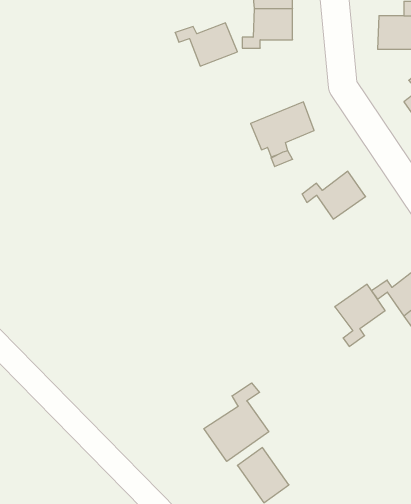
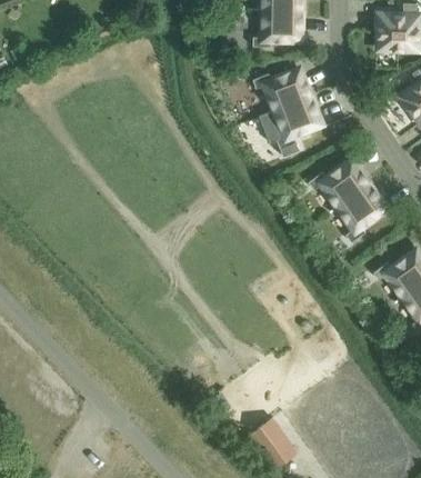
building: [175,23,237,66] -> [251,70,309,110]
building: [335,284,385,346] -> [337,185,383,242]
building: [204,383,269,461] -> none

